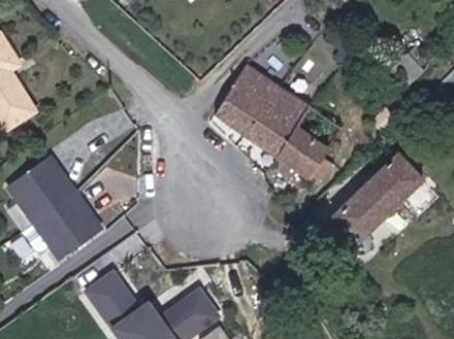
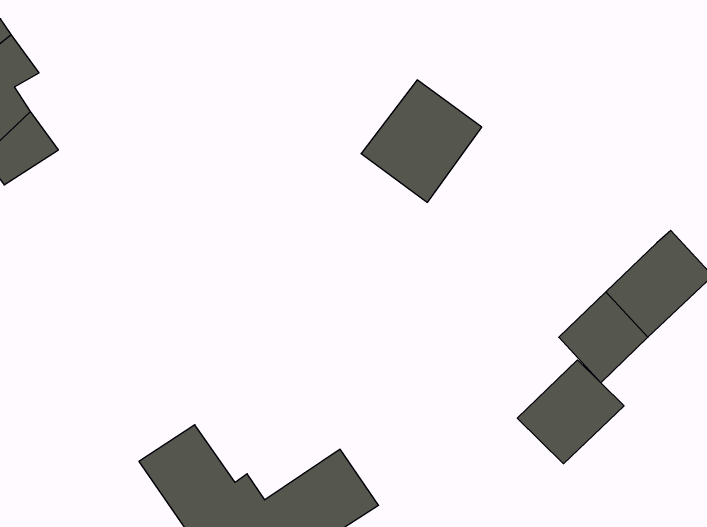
building: [254,95,321,176] -> none
building: [6,157,102,258] -> none
building: none -> [517,360,624,464]

